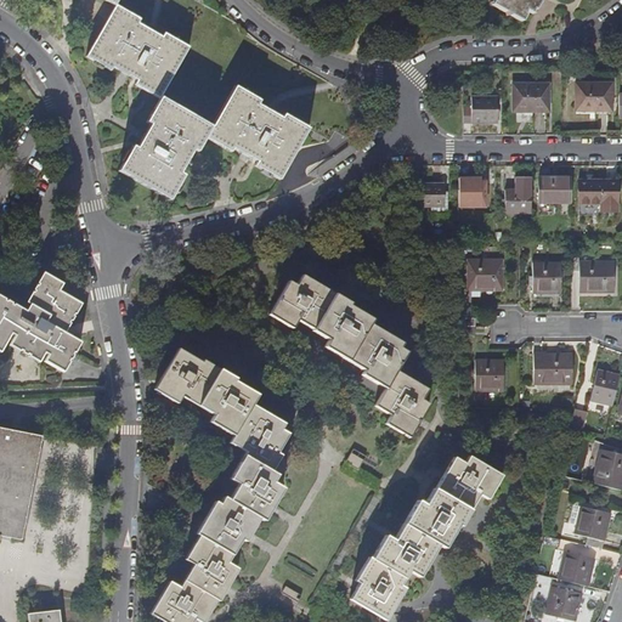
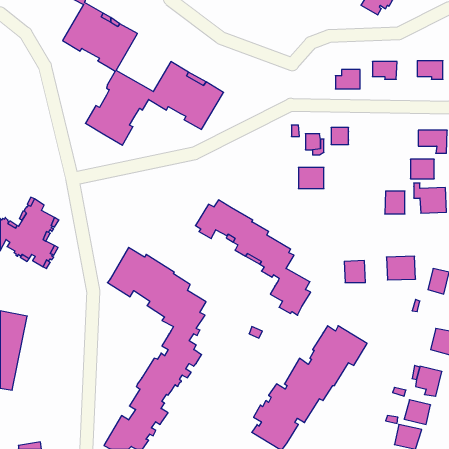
building: [539,176,572,203] -> [410,159,434,179]
building: [507,177,532,211] -> none
building: [468,259,503,288] -> [298,167,324,189]

